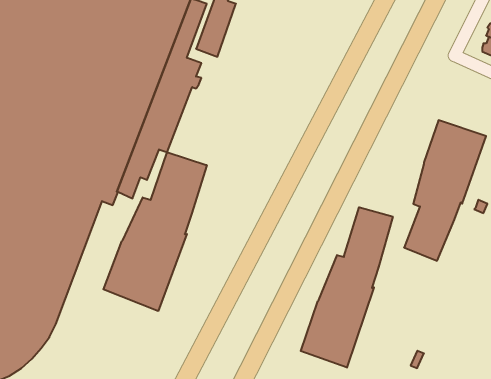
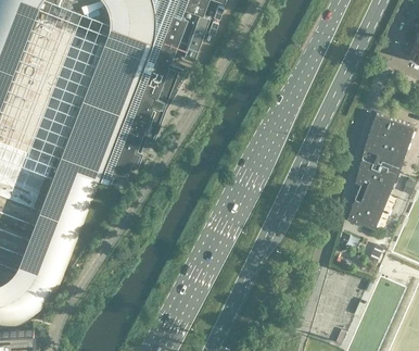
building: [103,152,207,311] -> none
building: [301,207,393,368] -> none

